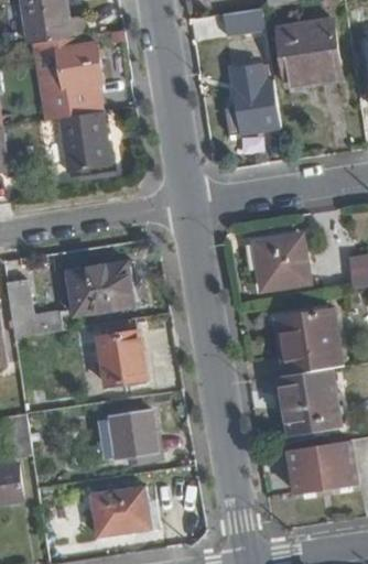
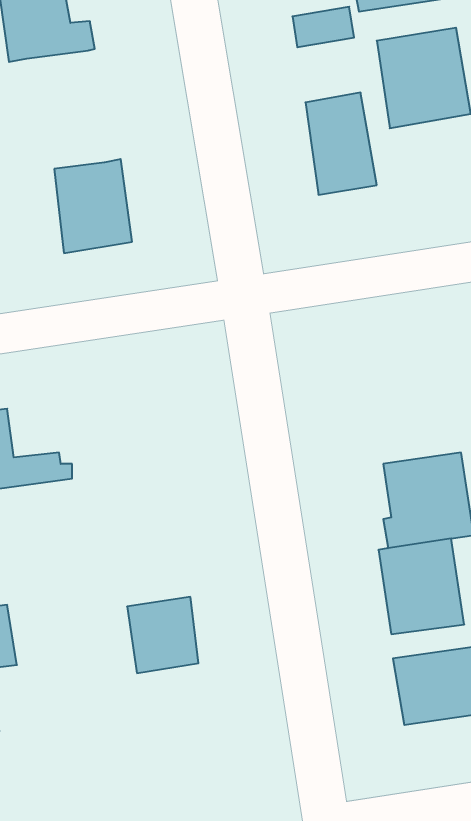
building: [40,35,101,117] -> none
building: [253,237,307,292] -> none
building: [64,258,130,310] -> none
building: [97,330,143,383] -> none
building: [90,484,150,532] -> none

